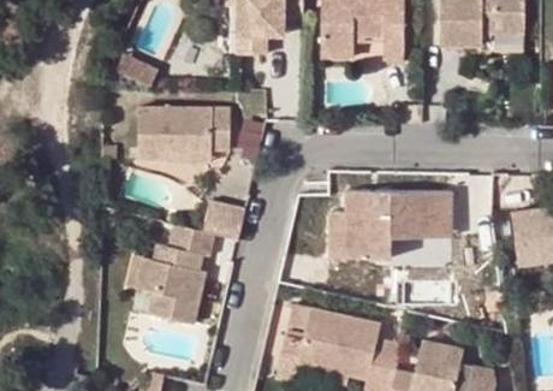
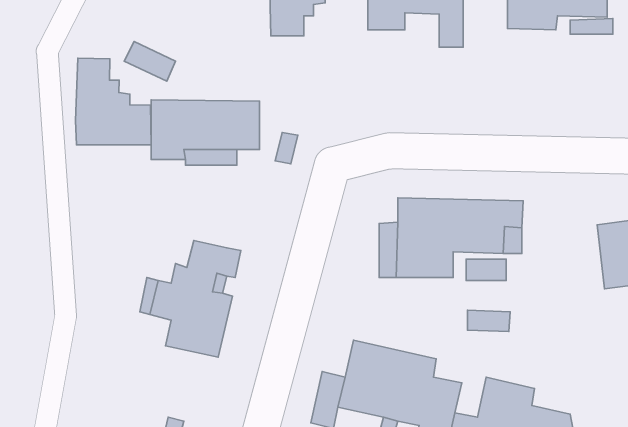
building: none -> [76,58,151,145]
building: [203,201,246,238] -> none

